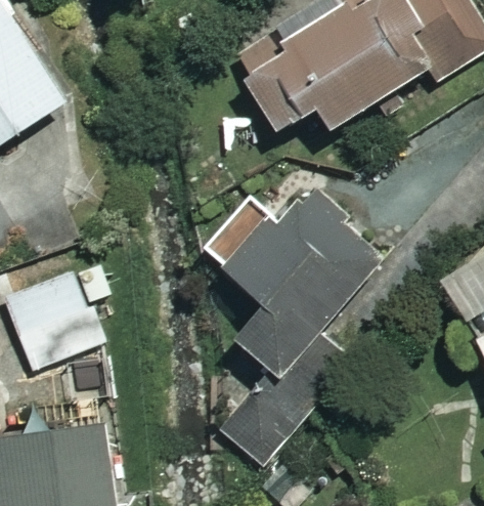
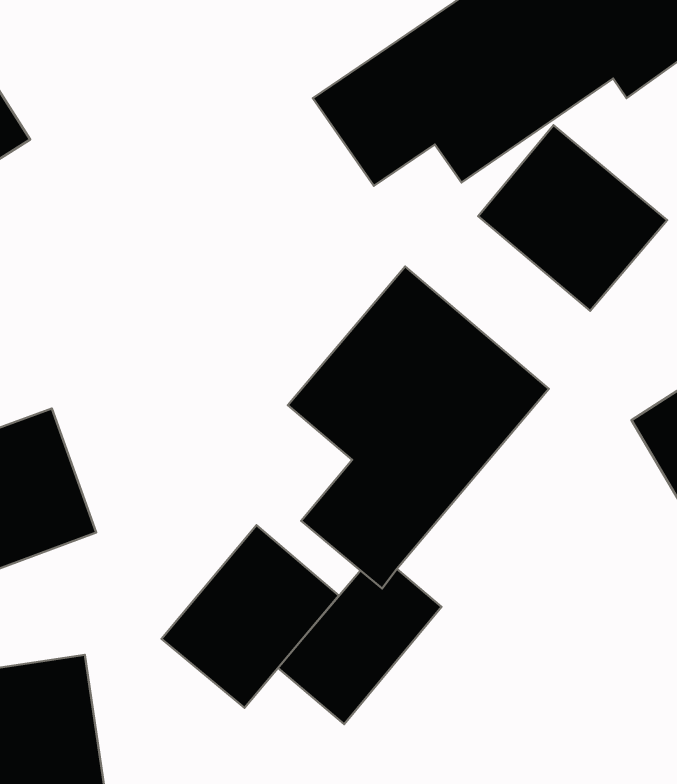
building: none -> [478,125,667,311]
building: none -> [161,525,339,708]

